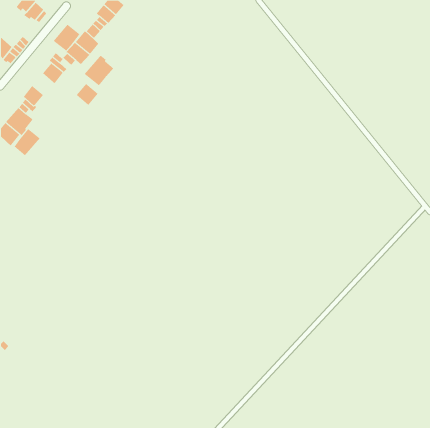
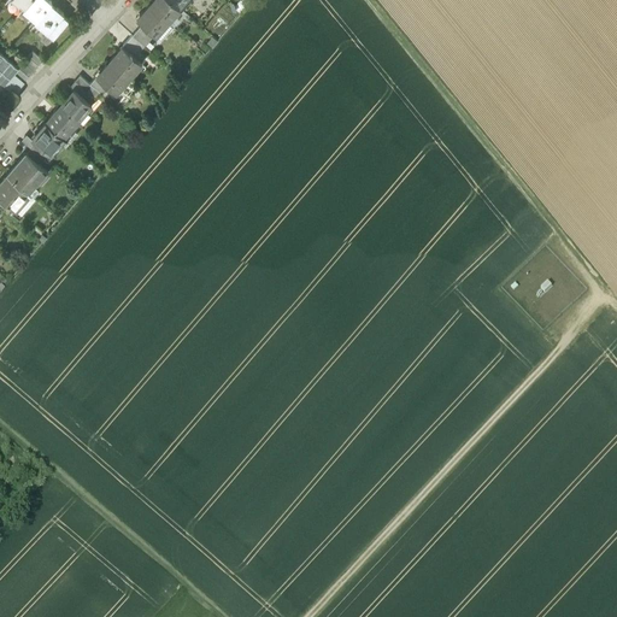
building: [53,24,81,52] -> none
building: [84,55,114,86] -> none
building: [76,83,99,106] -> [46,108,78,141]
building: [14,128,40,156] -> none

